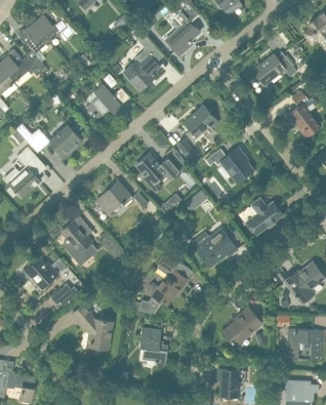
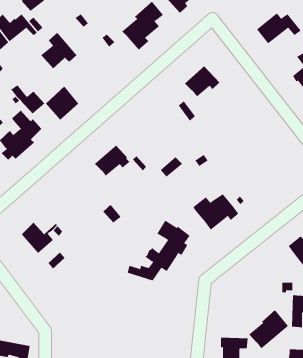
building: [86,83,122,119] -> [40,32,78,69]
building: [206,147,252,181] -> none
building: [135,153,180,193] -> none
building: [246,197,283,234] -> none
building: [62,215,97,266] -> none
building: [72,302,112,349] -> none
building: [222,307,261,346] -> [249,309,289,349]
building: [138,327,167,365] -> none

